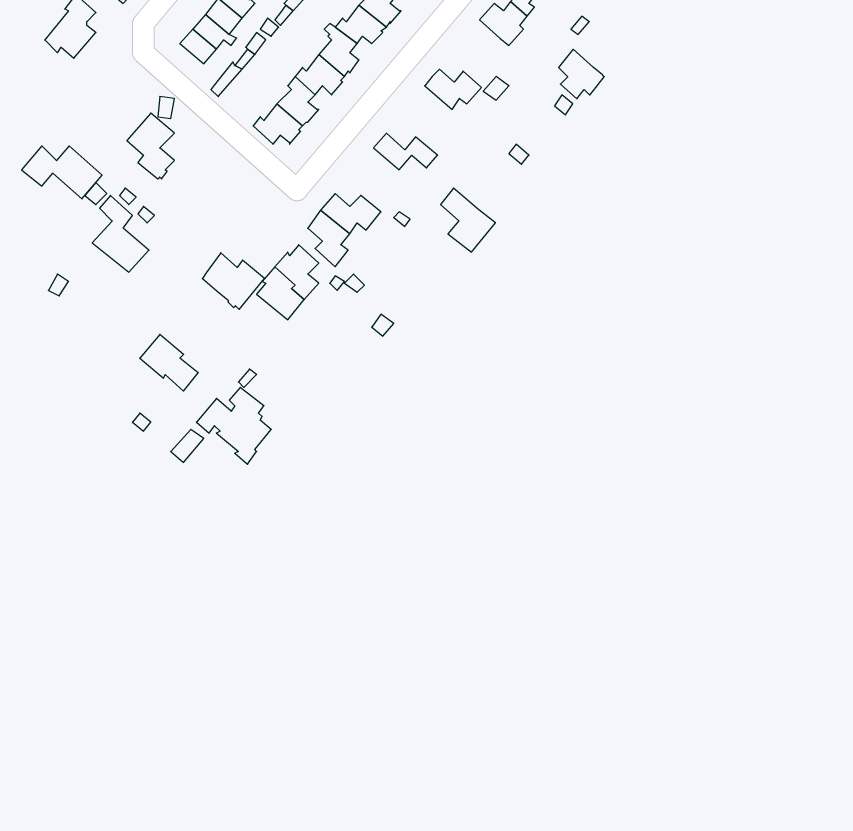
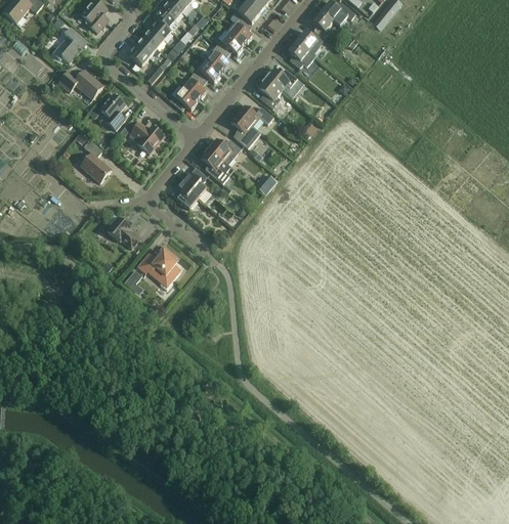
building: [559,49,604,99] -> [288,41,313,69]
building: none -> [257,78,281,108]
building: [22,146,102,199] -> [57,70,102,99]
building: [441,188,495,252] -> [229,113,260,148]
building: [202,253,265,309] -> [128,122,163,154]

